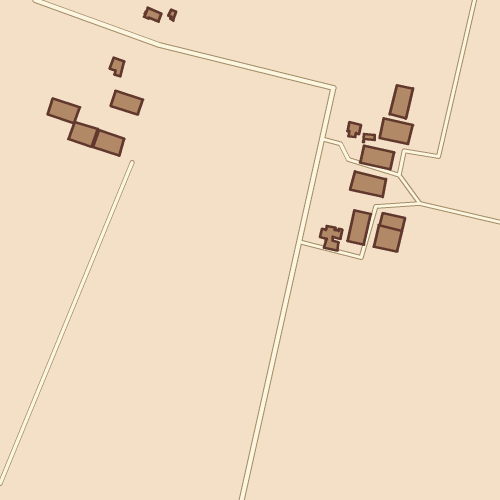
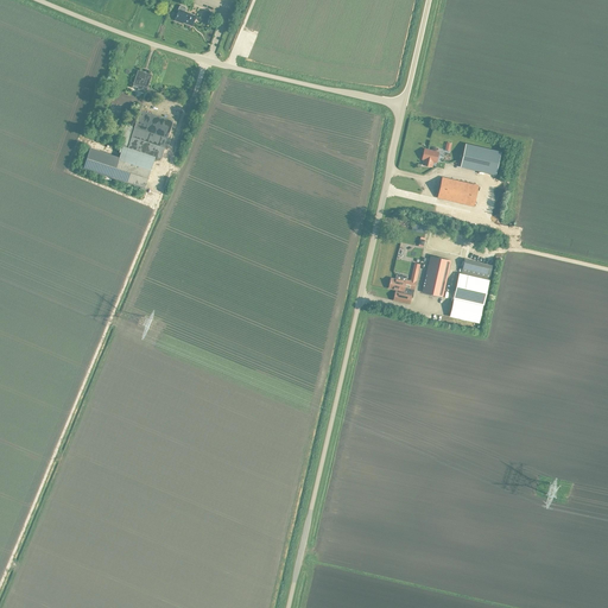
building: [390,85,413,119] -> none
building: [48,99,80,123] -> [128,128,167,158]
building: [350,171,386,197] -> none
building: none -> [449,299,483,323]

